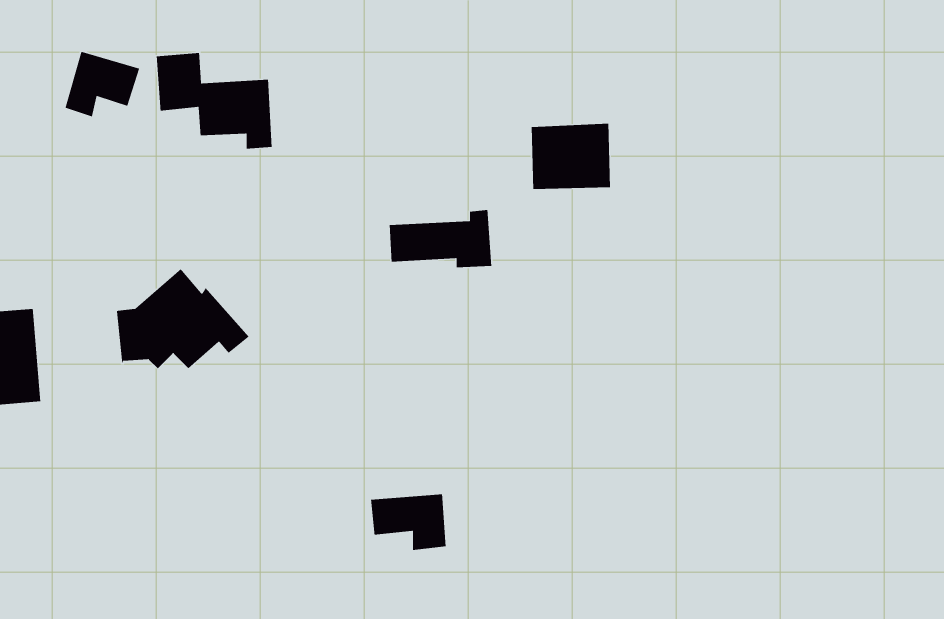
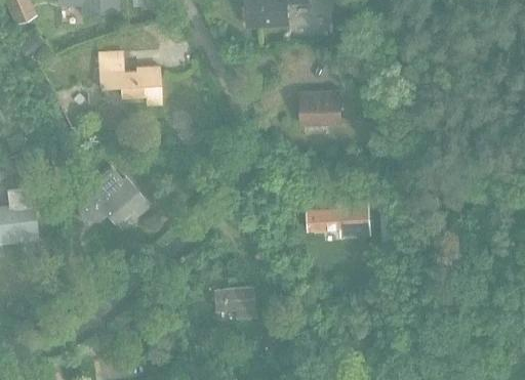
building: [65,51,140,117] -> none
building: [389,209,492,268] -> [307,203,362,235]

